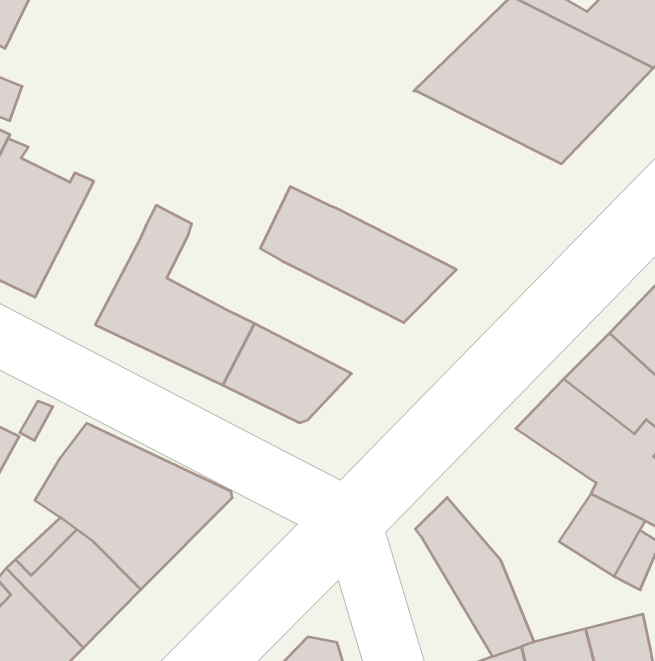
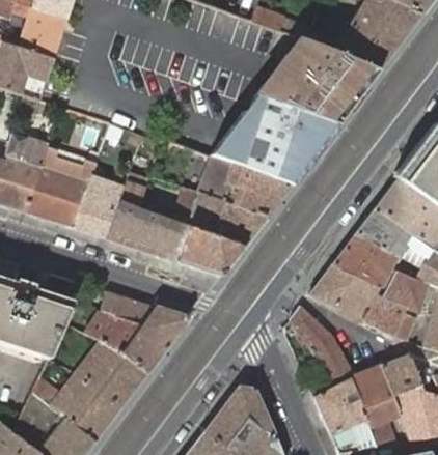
building: none -> [209,95,337,186]
building: none -> [72,167,122,238]
building: none -> [172,188,266,247]
building: none -> [307,264,377,320]

